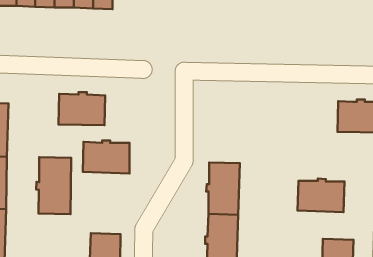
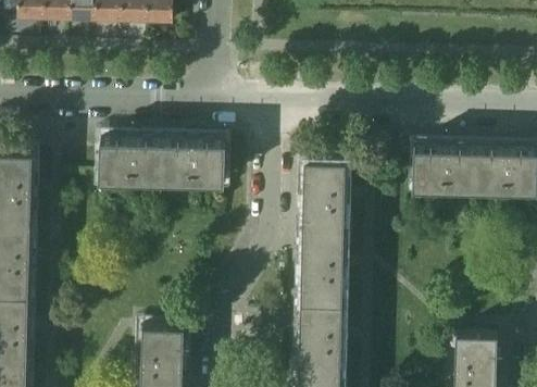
building: none -> [301,159,346,232]
building: [83,140,130,173] -> [162,138,225,183]
building: [36,157,71,214] -> none
building: [298,178,344,212] -> [414,143,477,189]

